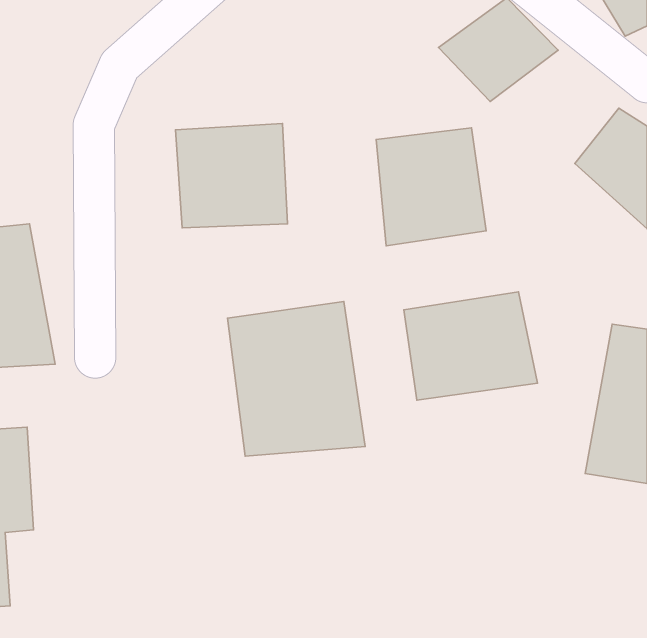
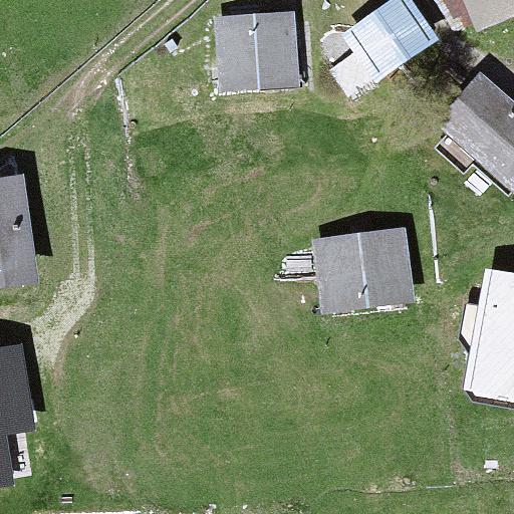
building: [176,124,287,228] -> [213,9,300,90]
building: [376,128,486,246] -> none
building: [227,301,365,456] -> none

